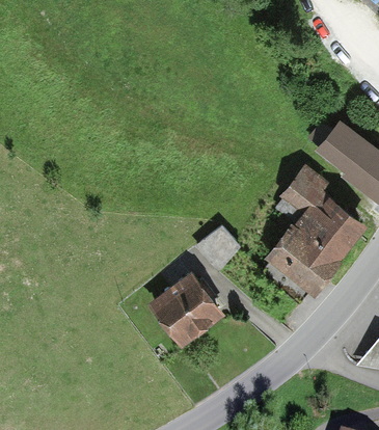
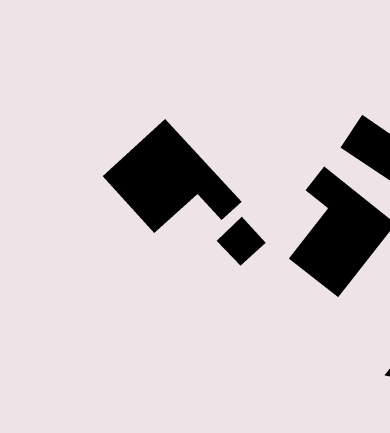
building: none -> [102,118,243,234]
building: [151,277,222,348] -> none

